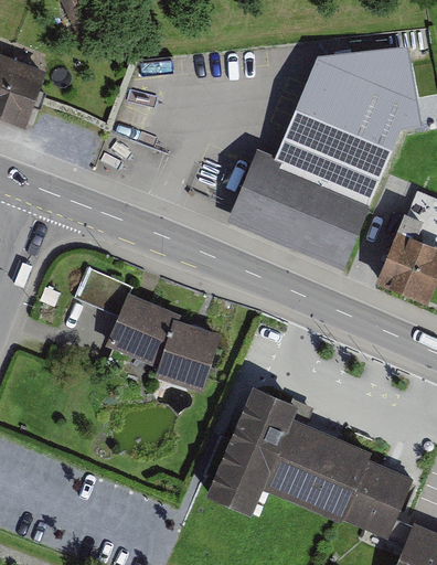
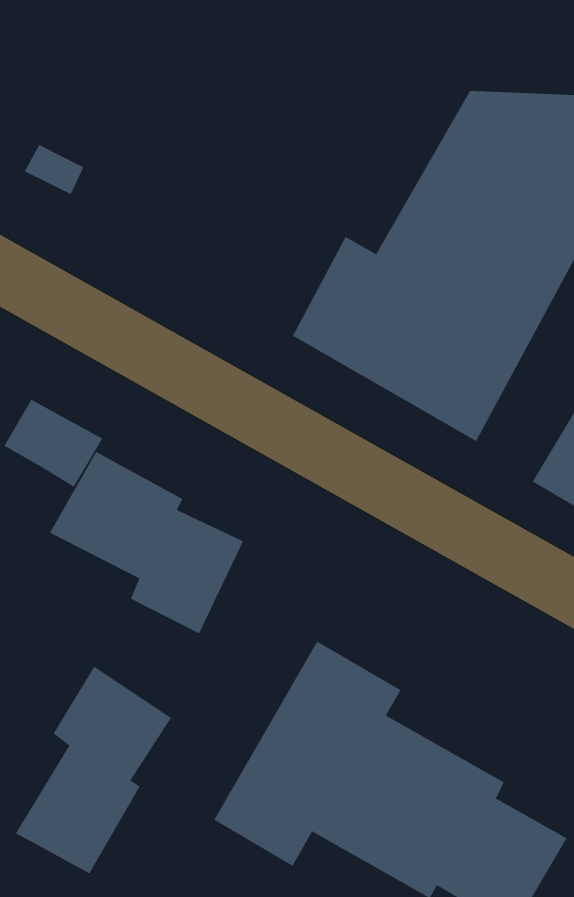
building: none -> [15,666,172,874]

